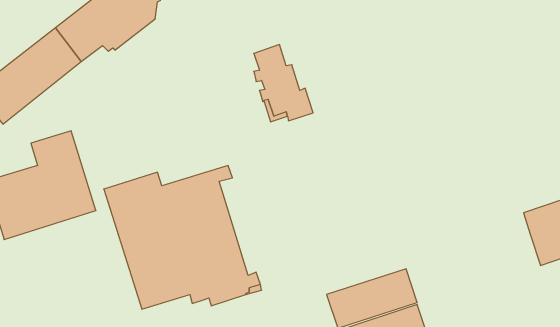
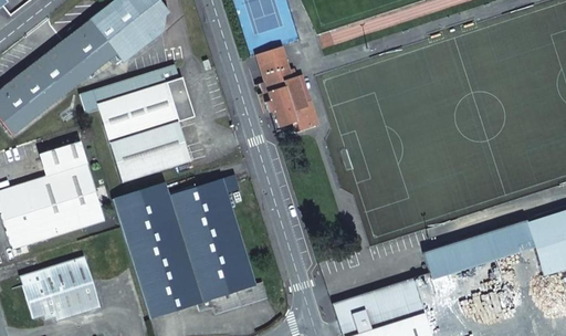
building: none -> [81,65,195,182]
building: none -> [426,218,534,275]
building: none -> [21,255,101,321]

